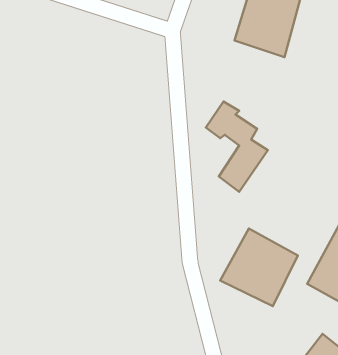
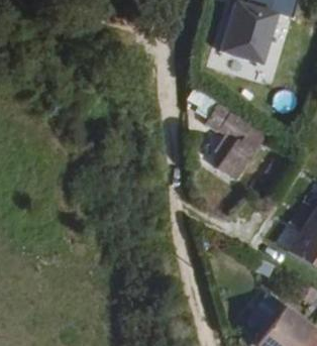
building: [220,229,298,306] -> none

